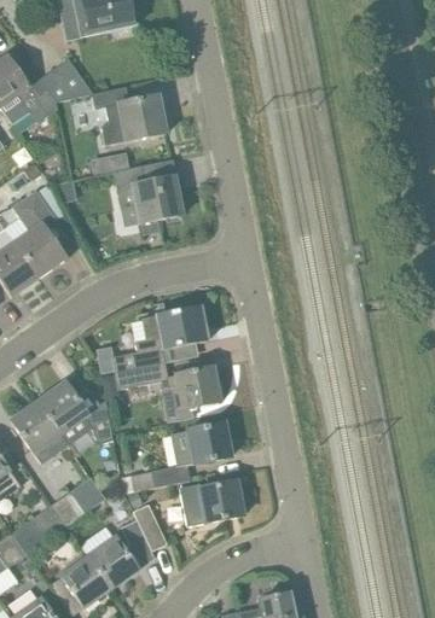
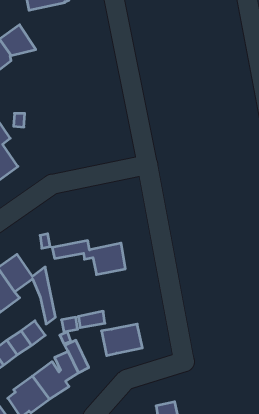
building: [92,86,168,144] -> none
building: [114,165,182,226] -> none
building: [112,305,207,372] -> none
building: [185,421,231,464] -> none

